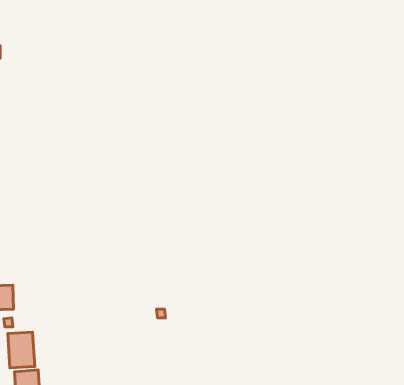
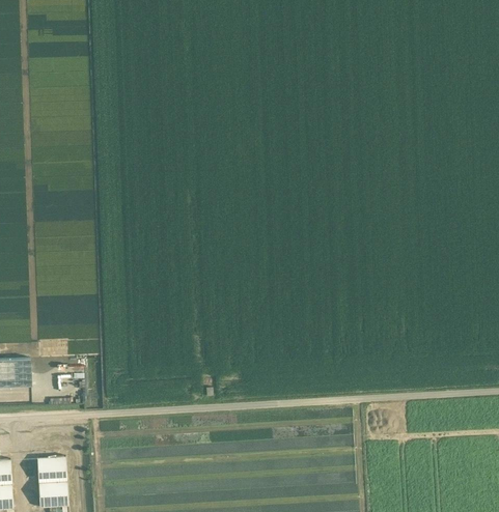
building: [8,332,35,368] -> none

